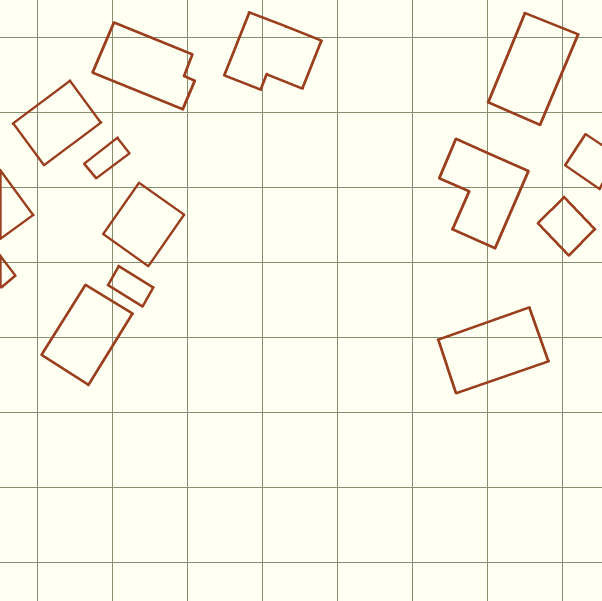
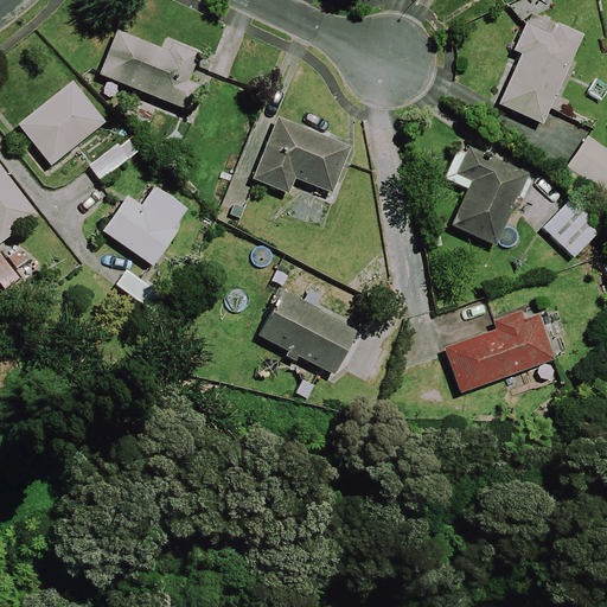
building: [224,12,322,90] -> [253,116,350,193]
building: none -> [255,282,364,376]
building: [42,285,133,385] -> none

